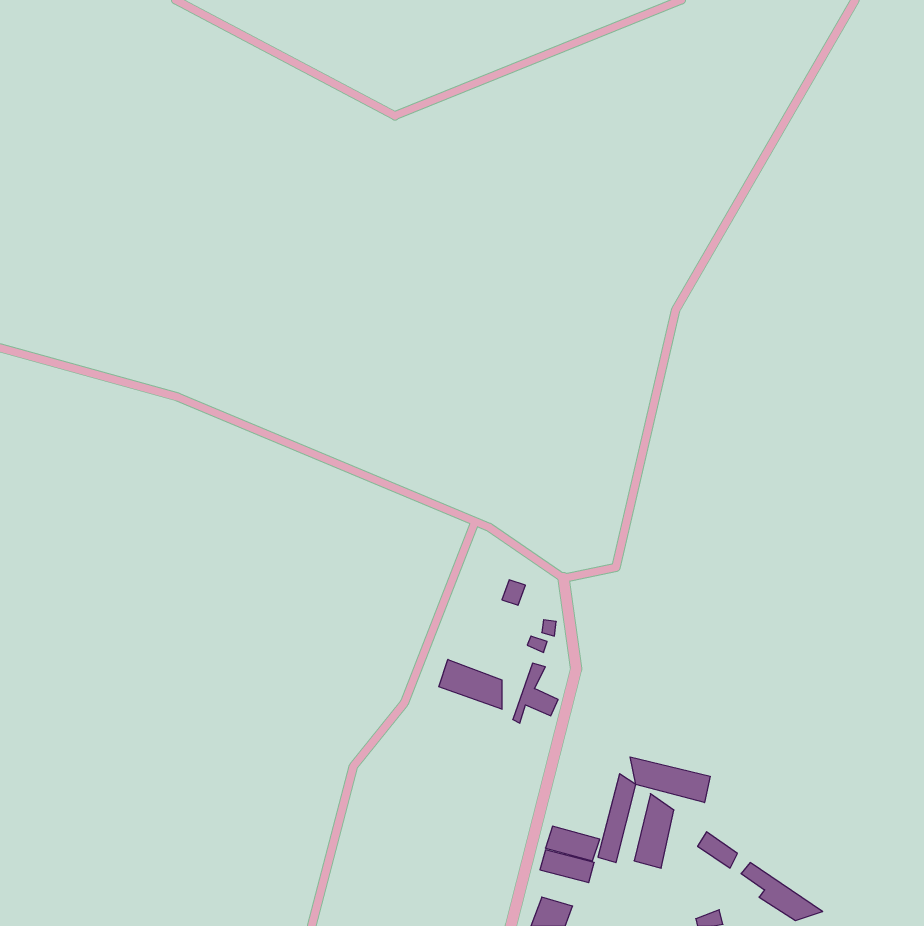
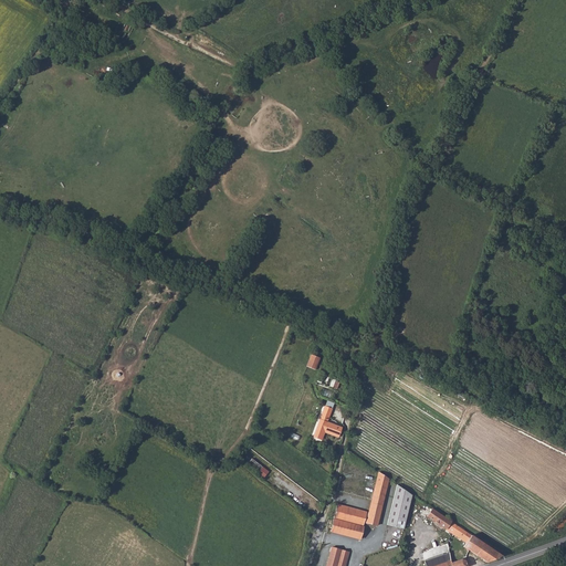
building: [439,659,502,709] -> none
building: [630,757,710,803] -> none

